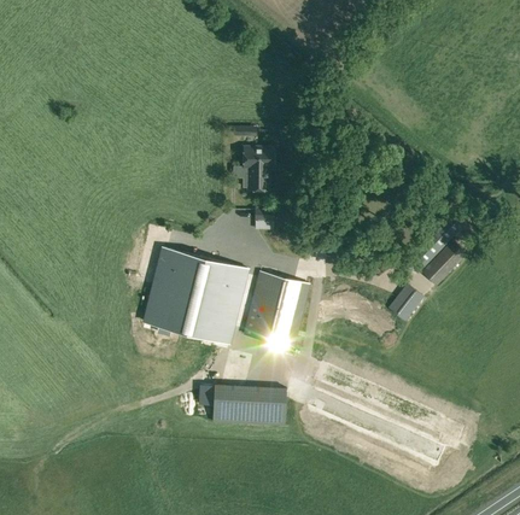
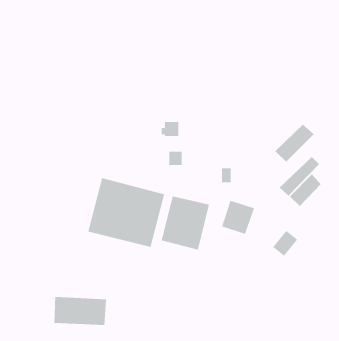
building: [244,147,274,169] -> none
building: none -> [275,124,315,163]
building: [388,283,425,321] -> [272,230,298,257]
building: [212,385,286,426] -> [54,296,107,326]

